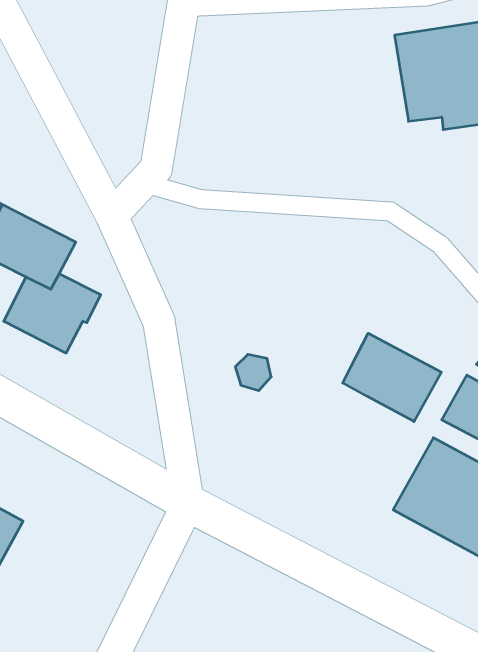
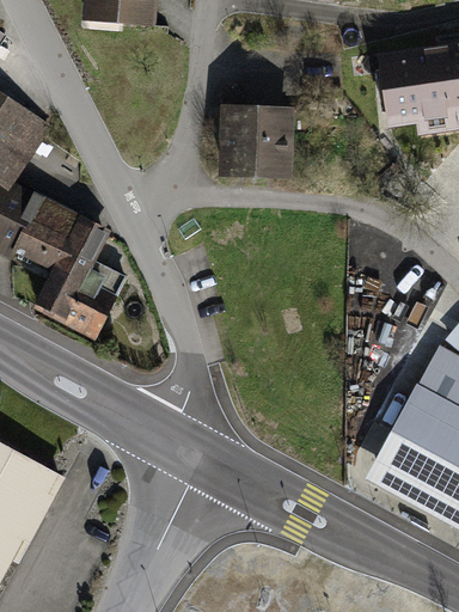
building: none -> [221,106,310,172]
building: [343,333,441,422] -> none

